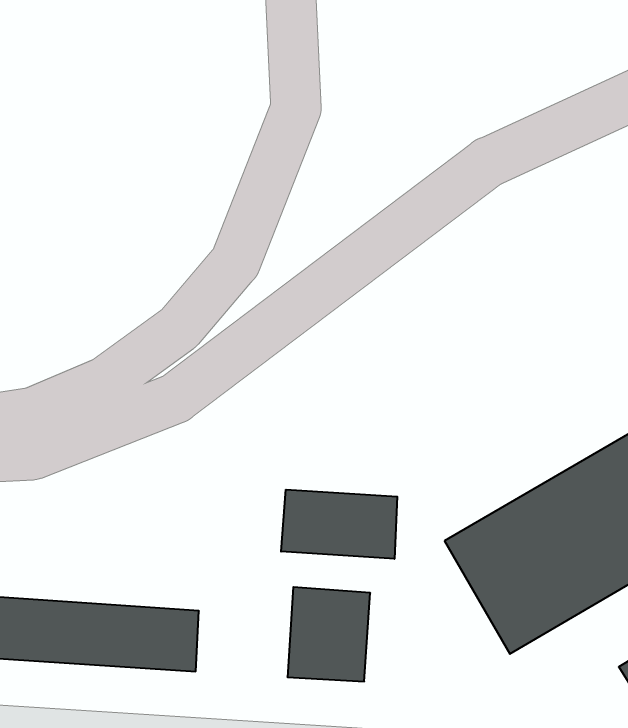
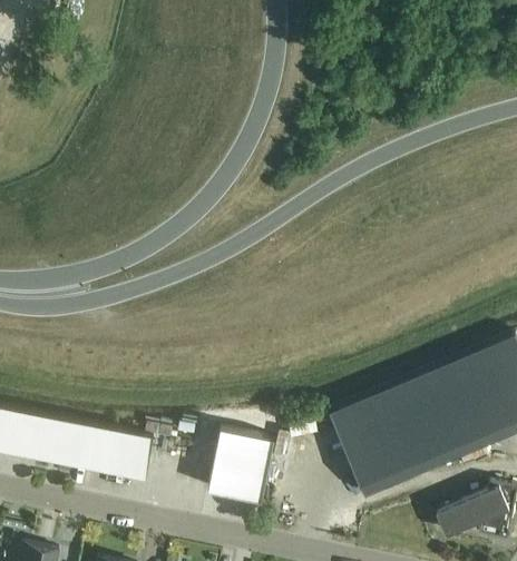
building: [281,490,397,559] -> none

